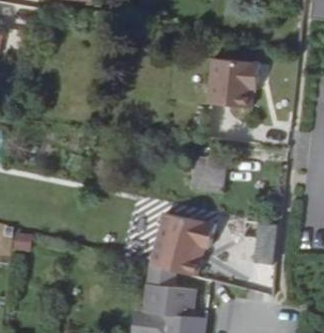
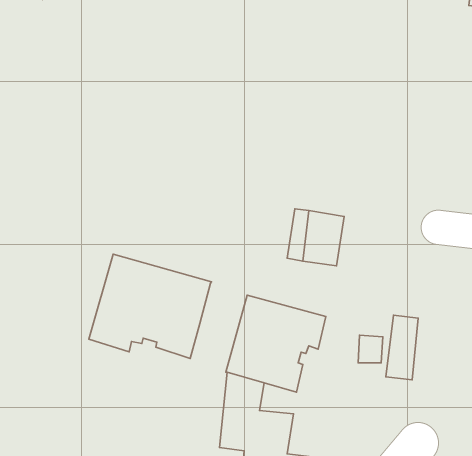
building: [204,50,258,110] -> none
building: none -> [89,254,211,359]

